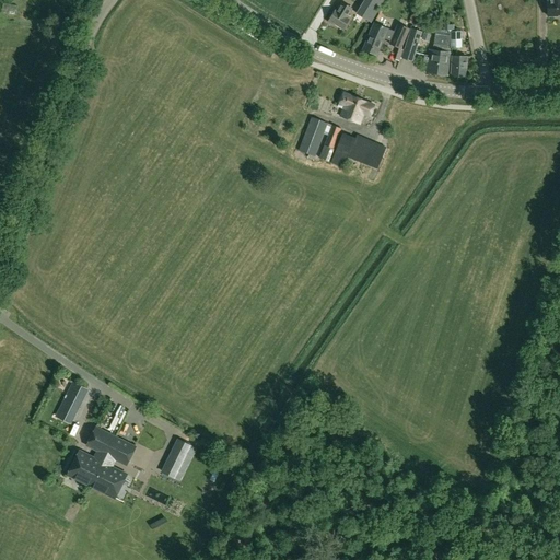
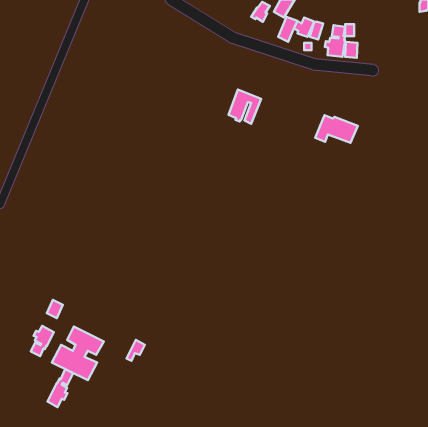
building: [337,92,374,124] -> none
building: [331,132,387,168] -> [315,115,358,143]
building: none -> [31,326,54,356]
building: none -> [47,369,73,407]

